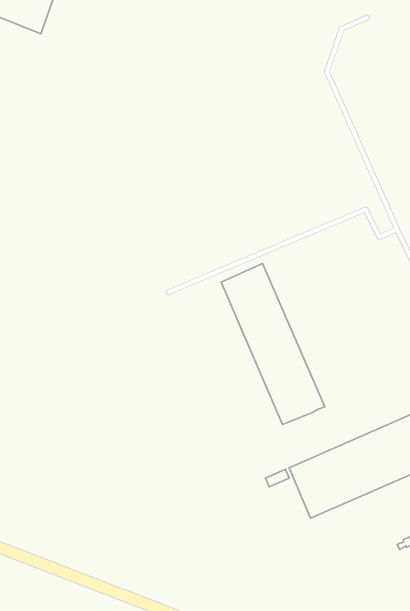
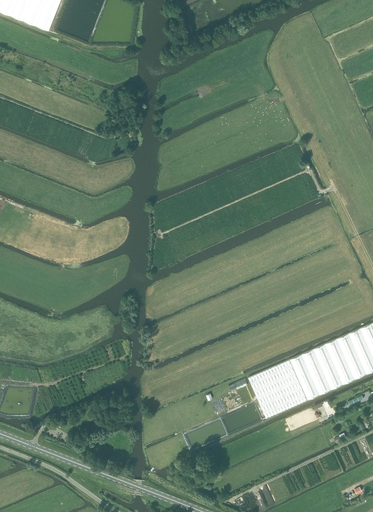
building: [221,264,325,425] -> none

